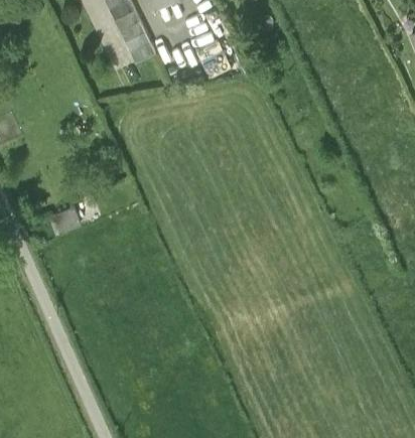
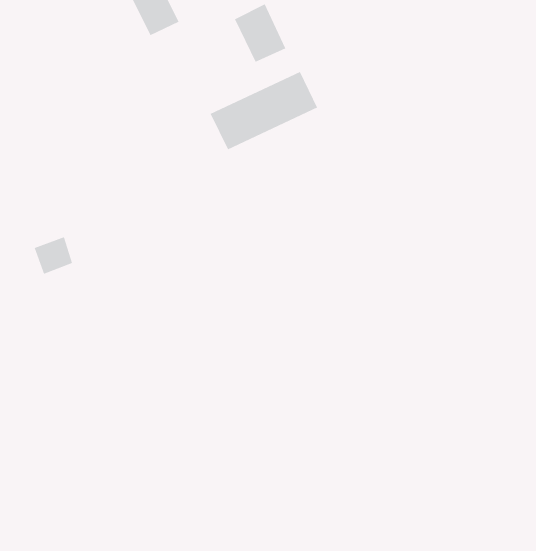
building: none -> [210,71,318,150]

